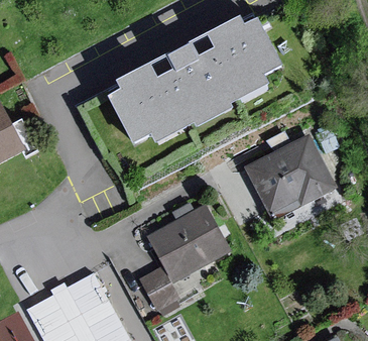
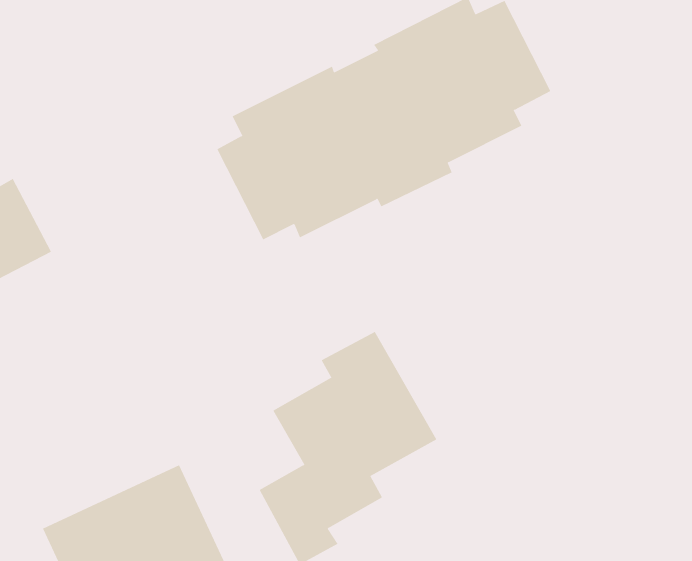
building: [240,131,338,223] -> none

